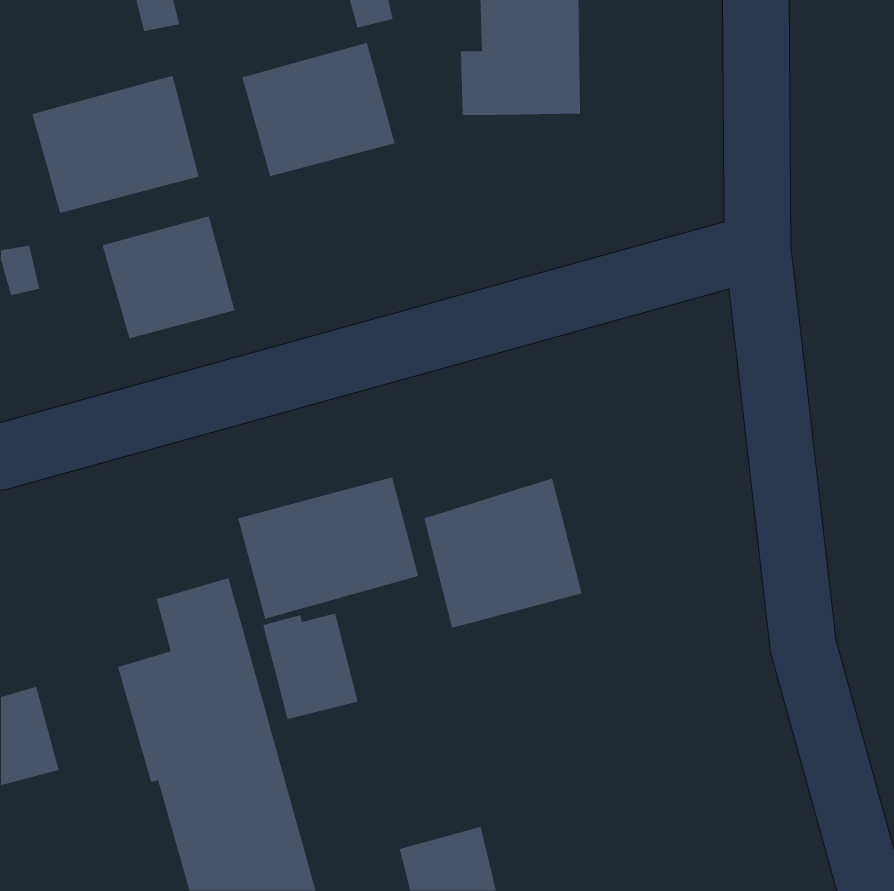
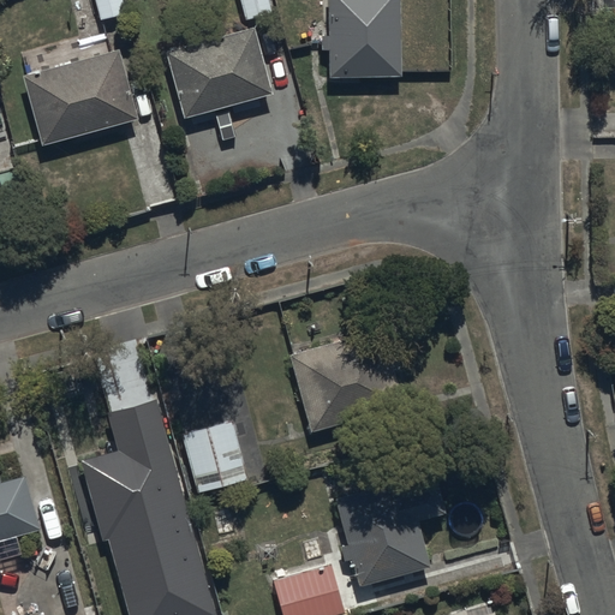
building: [102,215,235,339] -> none
building: [238,477,419,619] -> none
building: none -> [336,482,443,585]

